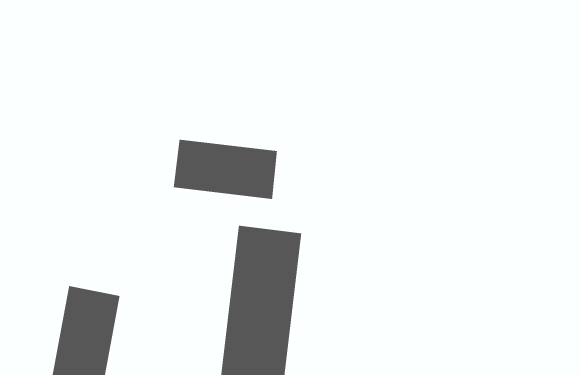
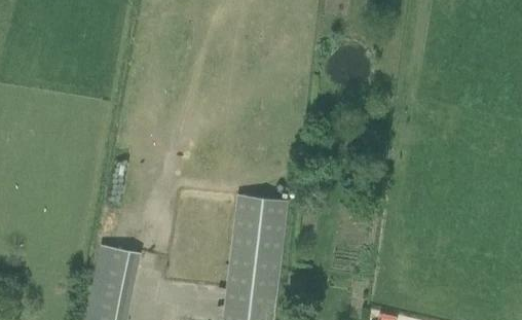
building: [173,139,278,200] -> none

